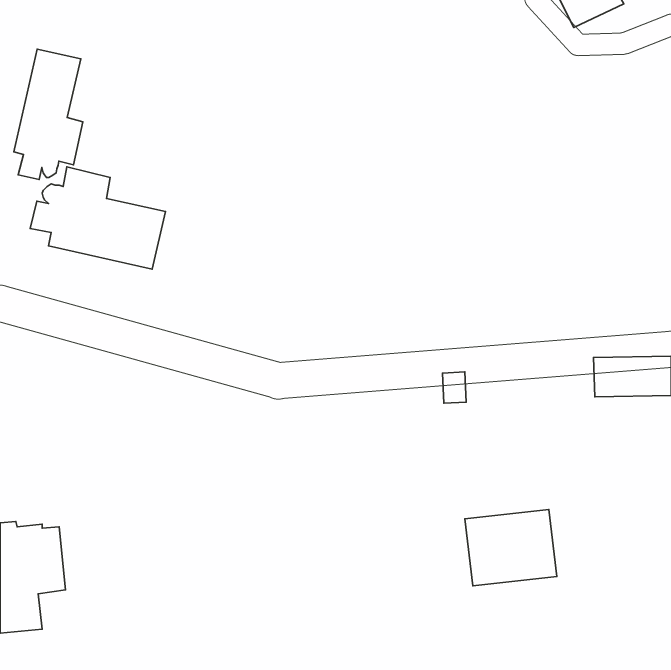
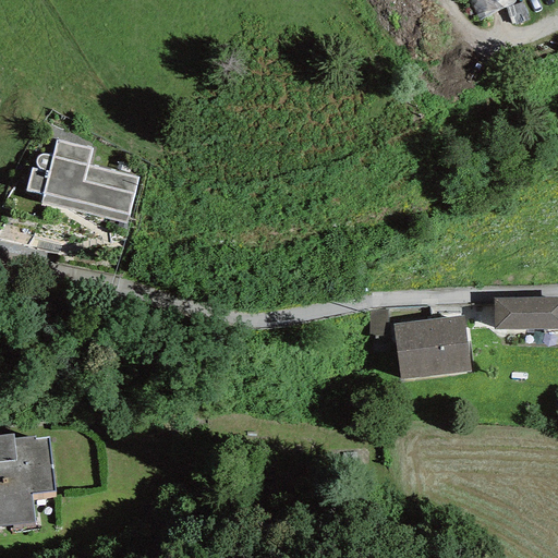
building: [14,49,83,179] -> none
building: [465,510,557,586] -> [393,315,470,378]

